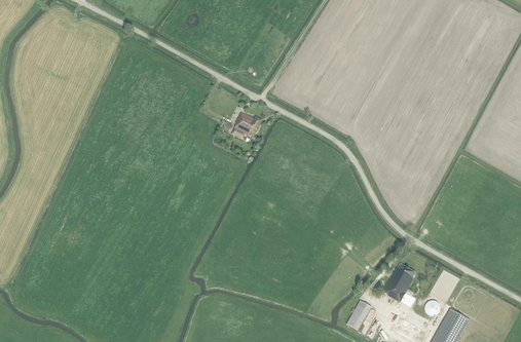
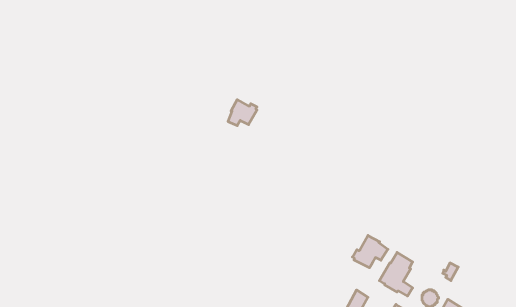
building: none -> [352,235,388,268]

